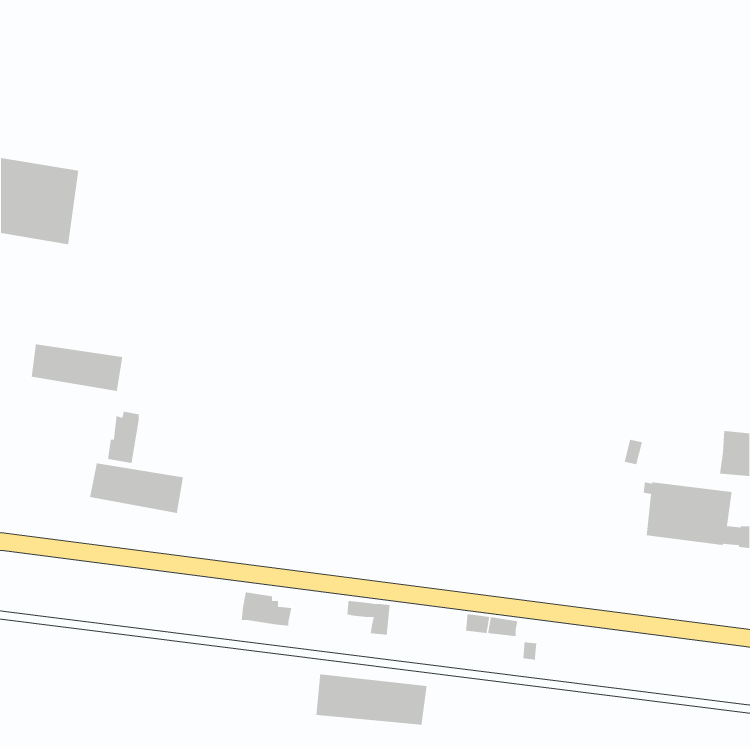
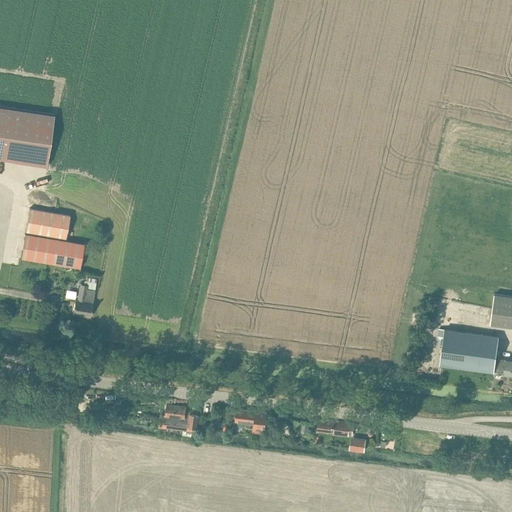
building: none -> [25,209,69,239]
building: [89,462,184,514] -> none
building: [316,673,428,725] -> none

